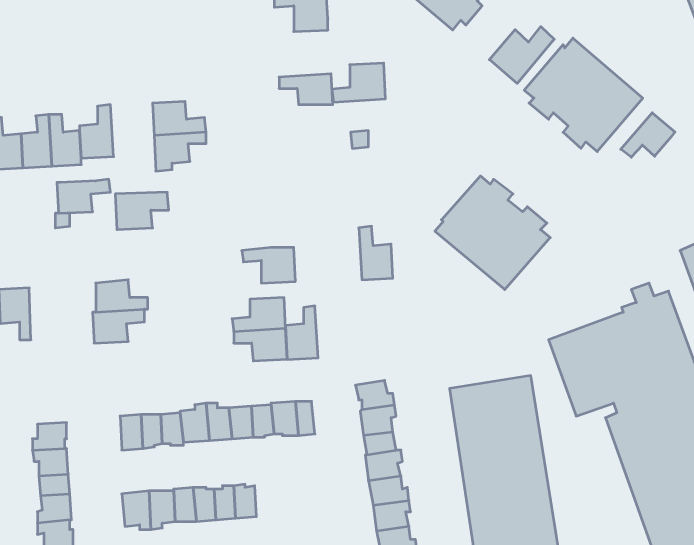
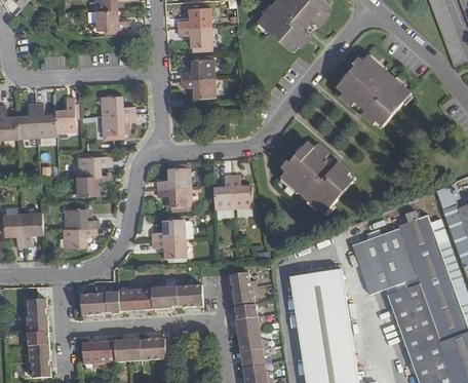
building: [489,27,554,83] -> none
building: [332,63,385,102] -> [180,55,213,80]
building: [621,113,675,157] -> none
building: [57,179,110,213] -> [76,175,110,196]
building: none -> [157,162,190,190]
building: none -> [23,212,43,246]
building: [286,306,318,359] -> [212,176,233,209]

